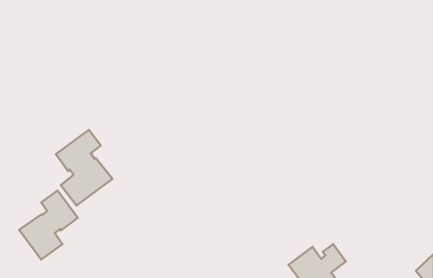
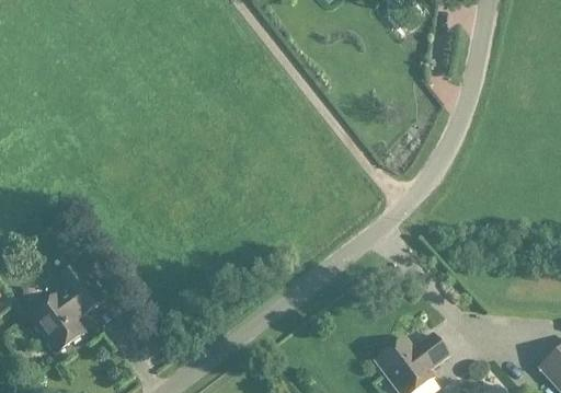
building: [56,130,112,206] -> none

